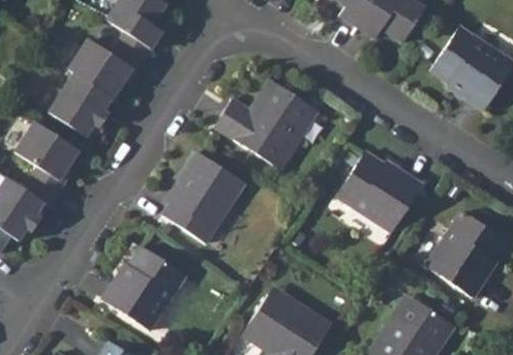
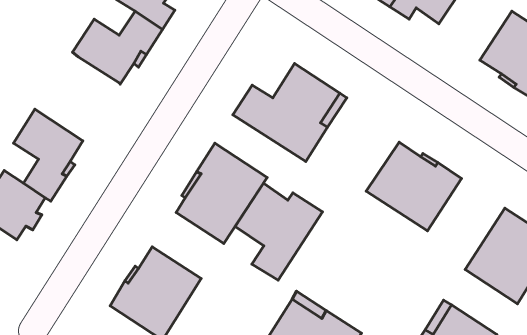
building: [49,73,111,137] -> none
building: none -> [235,183,323,280]

